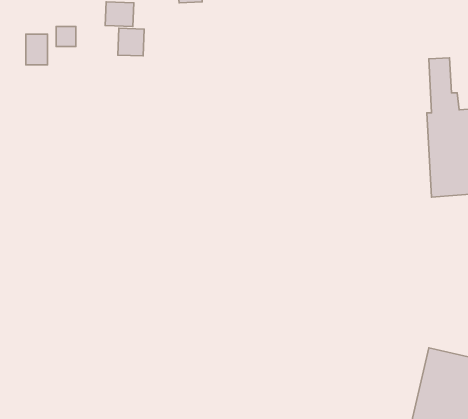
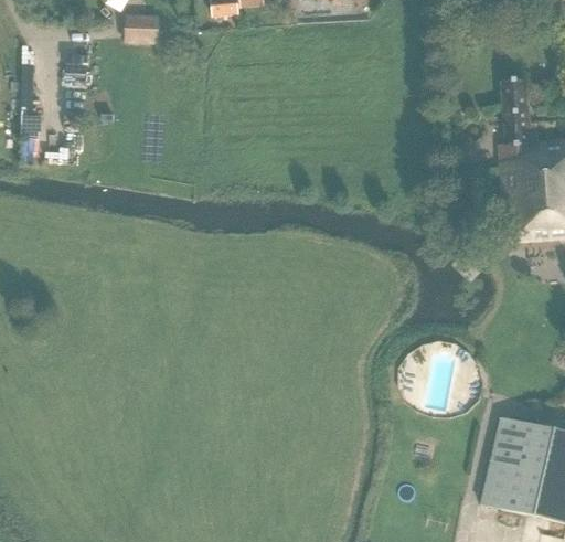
building: [118,28,144,56] -> none
building: [26,34,47,65] -> none

